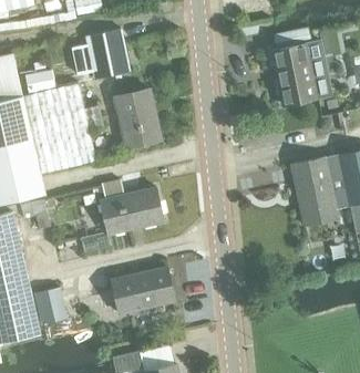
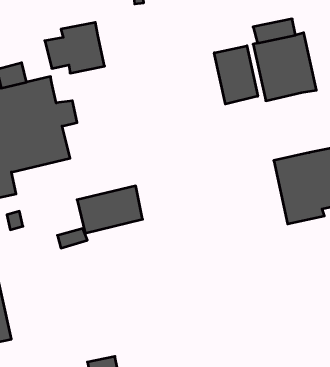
building: none -> [214,46,258,104]
building: [114,90,161,148] -> none
building: [114,266,177,313] -> none
building: [33,287,68,324] -> none

